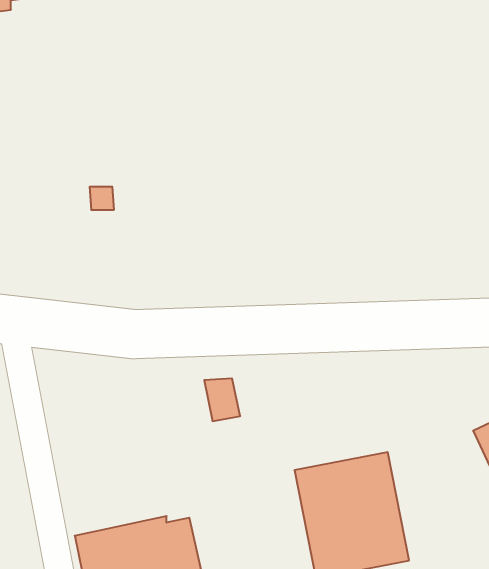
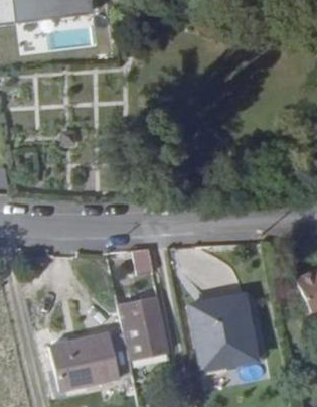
building: none -> [117,297,169,359]

